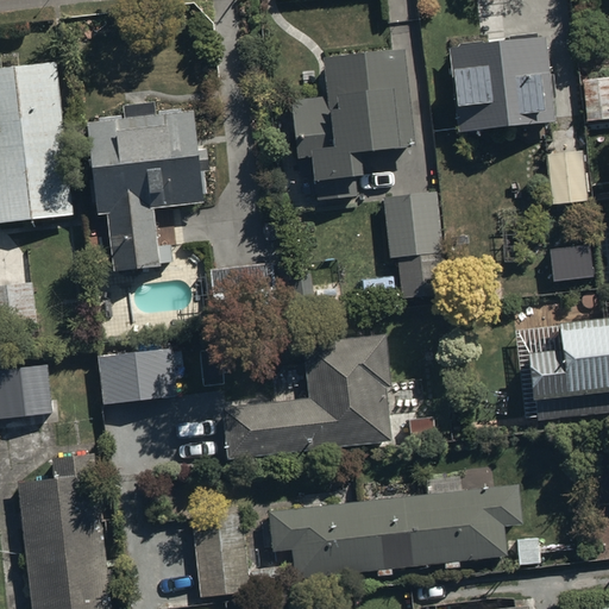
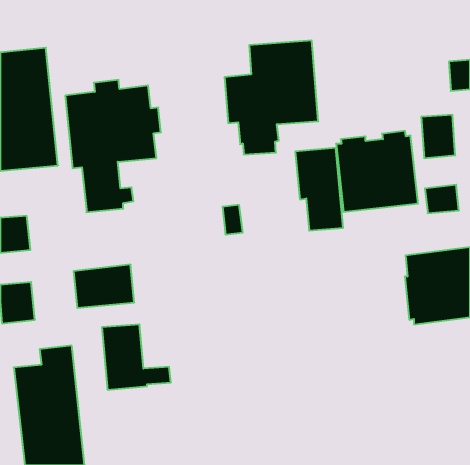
building: [447,32,553,137] -> [336,131,418,212]
building: [220,334,423,459] -> none
building: [268,484,521,579] -> none
building: [192,507,281,591] -> [102,324,171,390]

